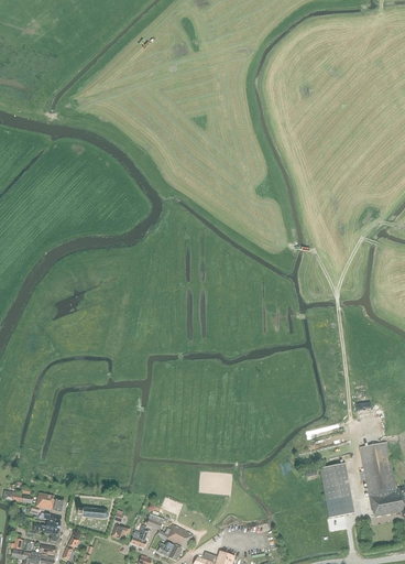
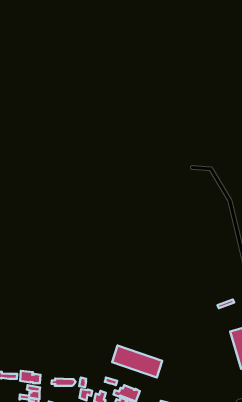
building: none -> [112,345,162,378]

